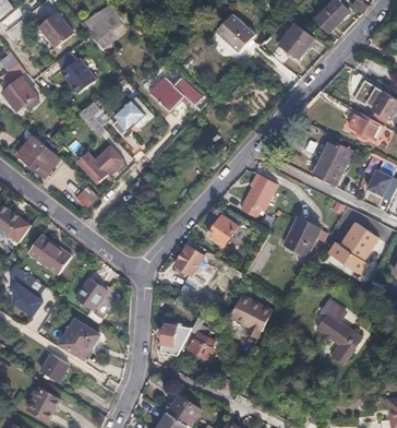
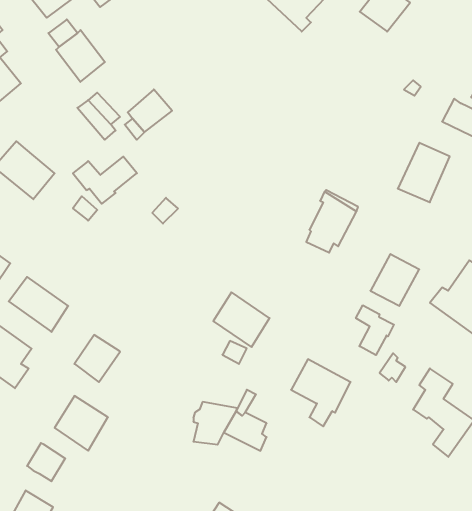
building: [151,78,202,112] -> none
building: [207,215,237,246] -> none
building: none -> [356,305,394,355]

